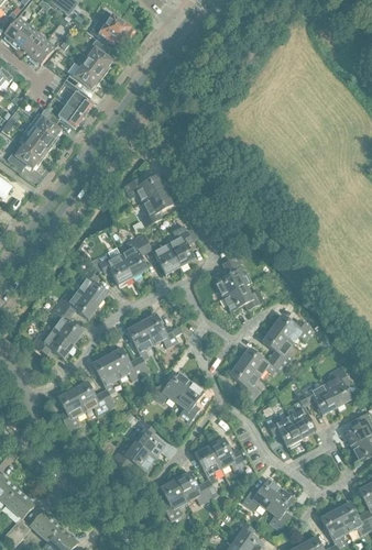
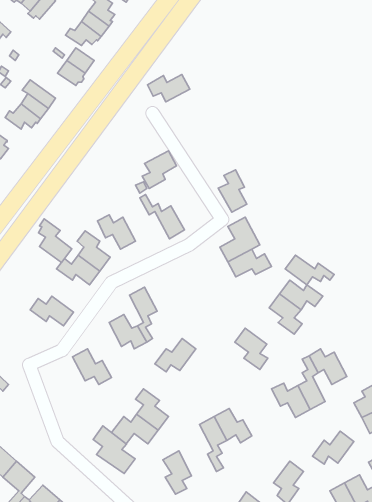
building: [31,108,61,140] -> none
building: [123,176,164,202] -> [148,74,190,102]
building: [166,226,194,266] -> [218,170,247,212]
building: [120,235,147,277] -> none
building: [51,304,83,345] -> [39,219,72,262]
building: [141,314,180,346] -> none
building: [238,348,285,376] -> [285,255,334,285]
building: [91,355,119,408] -> none
building: [324,366,350,407] -> none
building: [175,381,204,422] -> none
building: [57,388,84,430] -> none
building: none -> [93,426,135,473]
building: [174,471,210,505] -> none
building: [241,479,281,510] -> [313,431,354,464]

